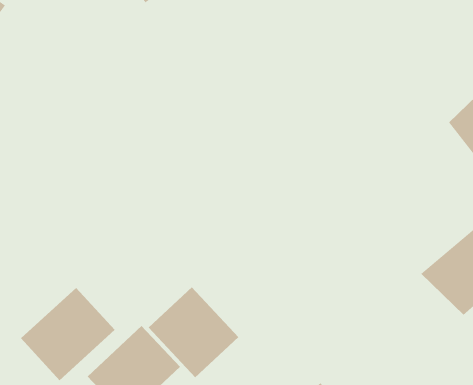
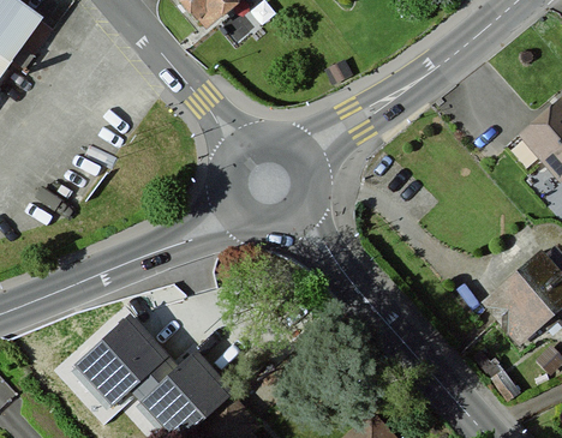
building: [148,287,239,378] -> none

